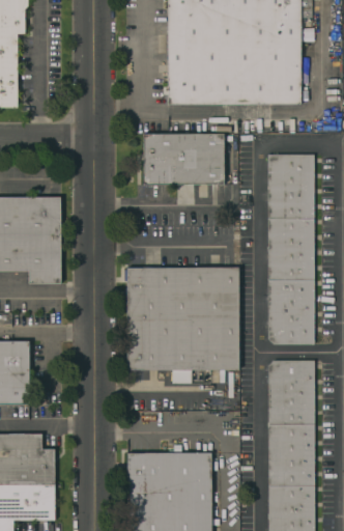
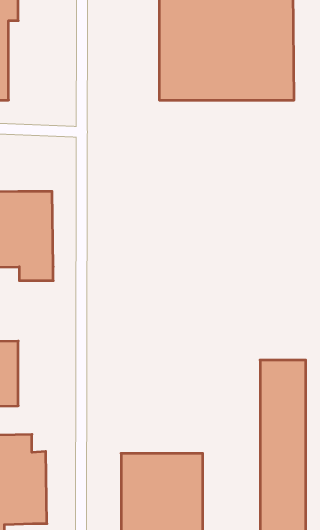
building: [143,135,224,187] -> none
building: [267,153,314,342] -> none
building: [126,269,236,371] -> none

